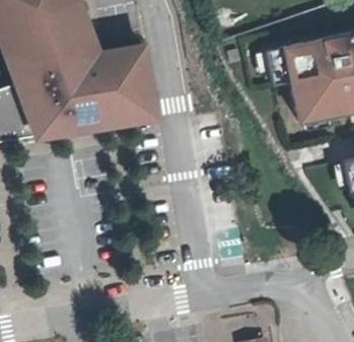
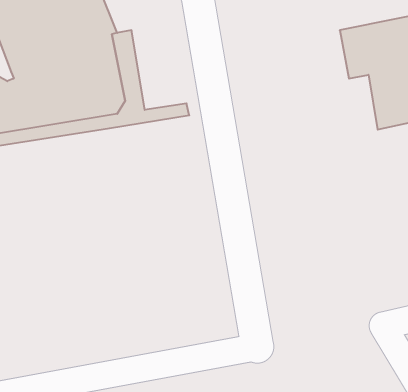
building: [111,44,153,111] -> none

